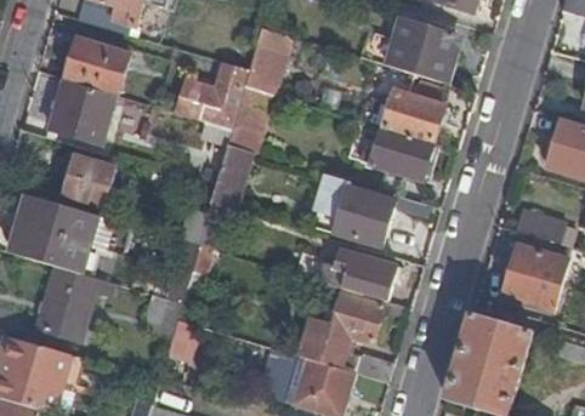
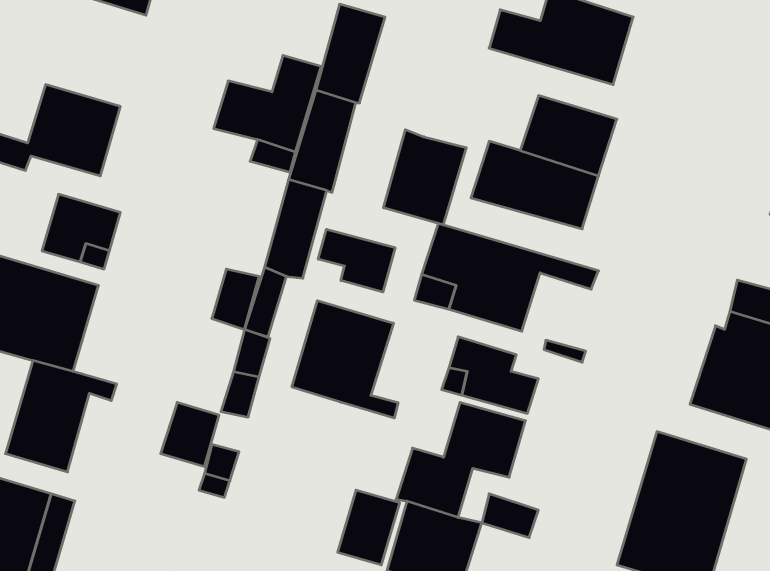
building: [63,38,127,95] -> none
building: none -> [384,130,466,225]
building: none -> [318,229,395,292]
building: none -> [292,301,398,418]

